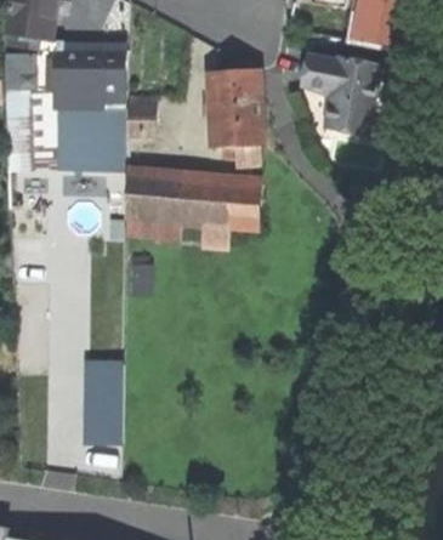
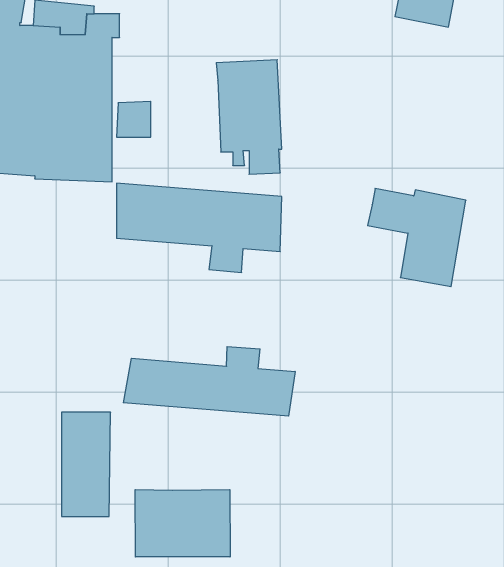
building: [297,56,377,136] -> [368,188,466,287]
building: none -> [123,347,295,416]
building: none -> [135,490,230,557]

